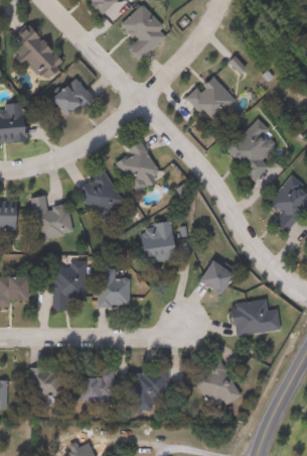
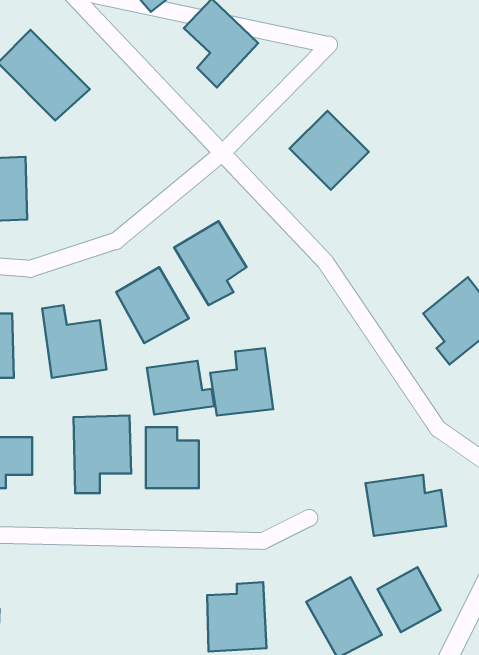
building: [50,79,93,116] -> none
building: [223,117,278,179] -> none
building: none -> [147,361,214,414]
building: [197,259,233,294] -> none
building: none -> [377,567,441,632]
building: [33,368,62,395] -> none
building: [78,368,118,400] -> none

